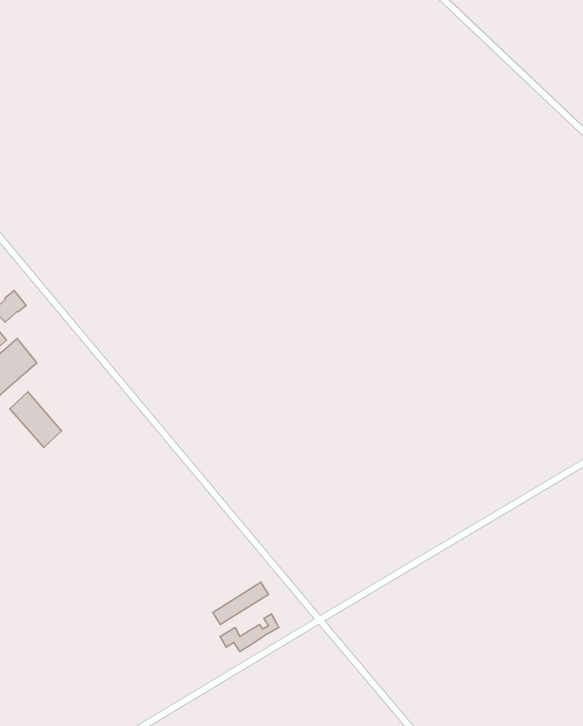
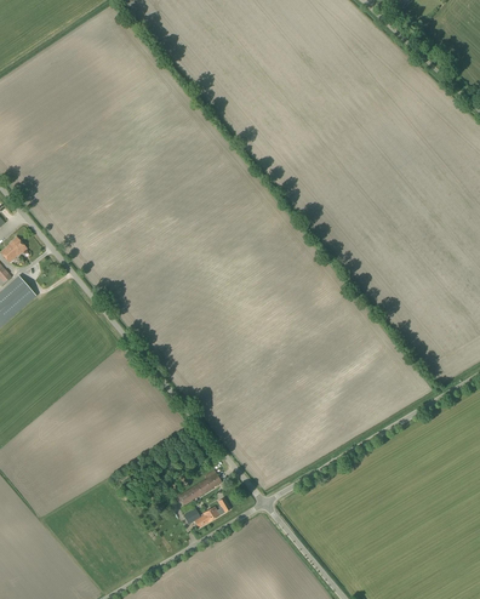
building: [10,392,62,447] -> none

